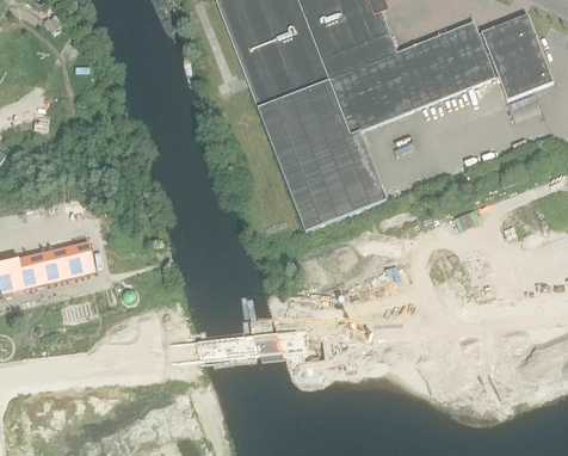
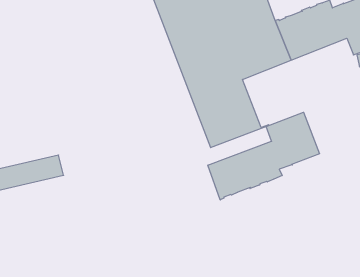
building: none -> [208,112,319,200]

